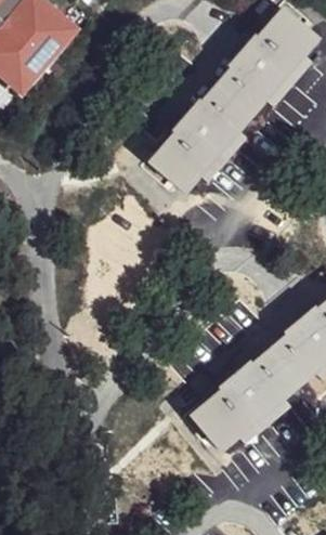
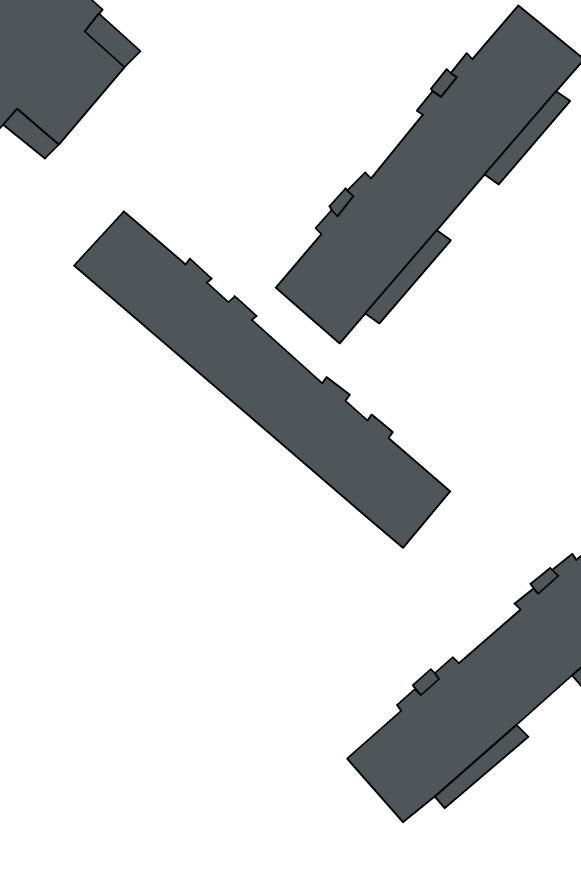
building: none -> [74,211,450,548]

